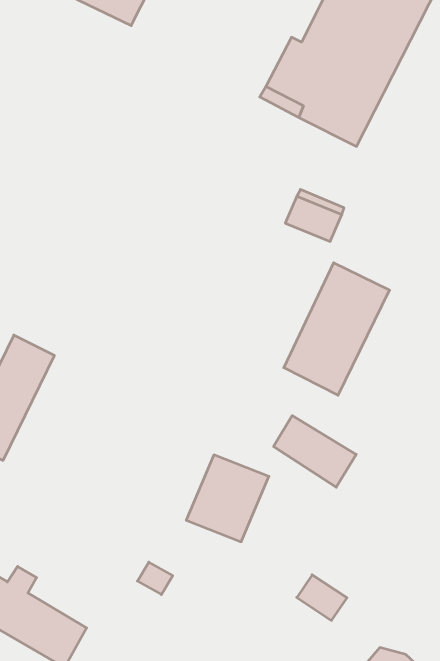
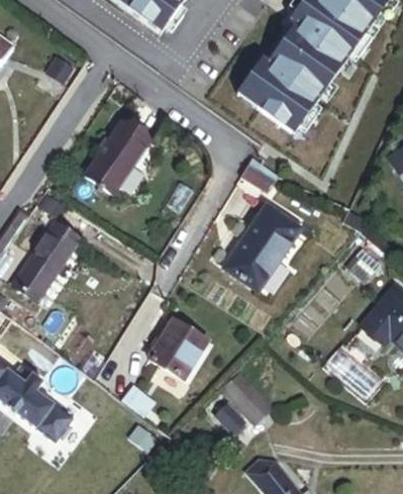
building: none -> [85,122,149,196]
building: [274,416,356,487] -> [216,375,269,425]

